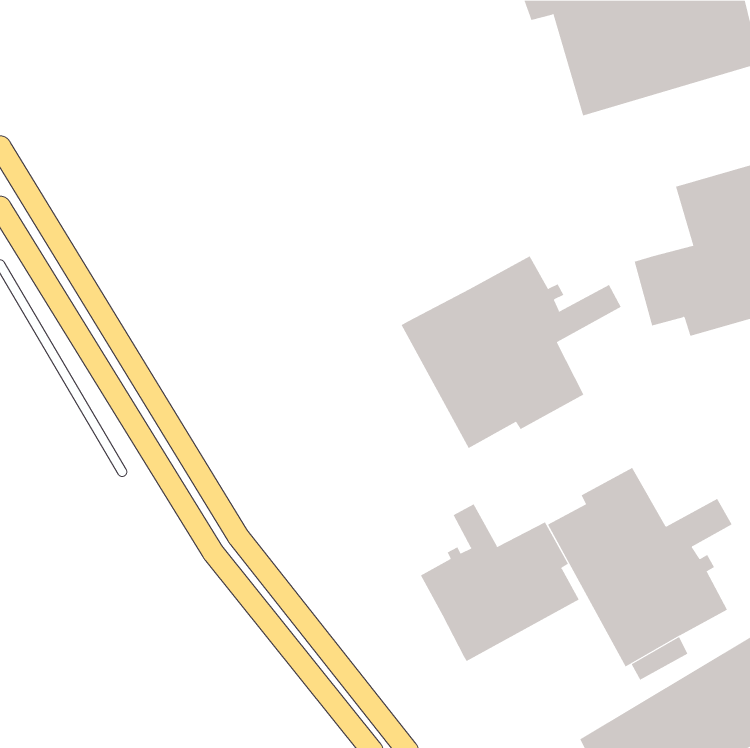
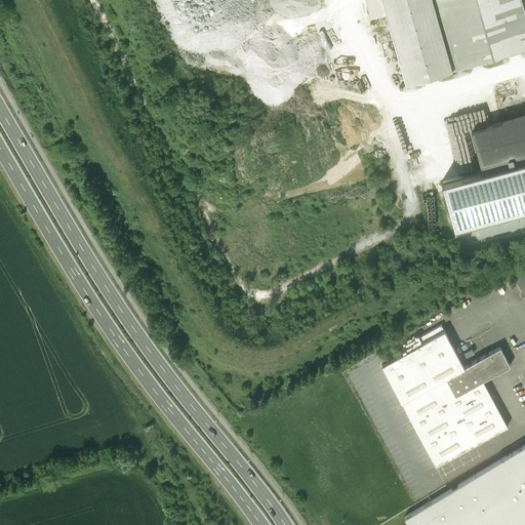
building: [401,255,622,449] -> none
building: [420,503,580,662] -> none

